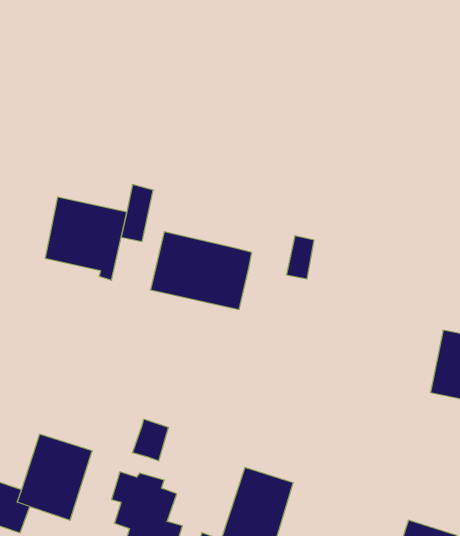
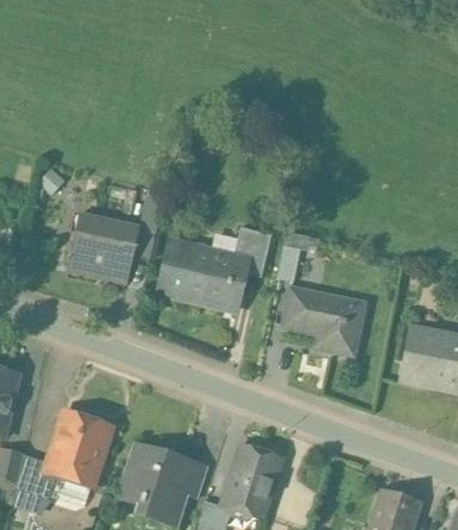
building: none -> [233,226,271,276]
building: none -> [283,288,364,354]
building: [132,419,169,461] -> [174,461,205,497]

